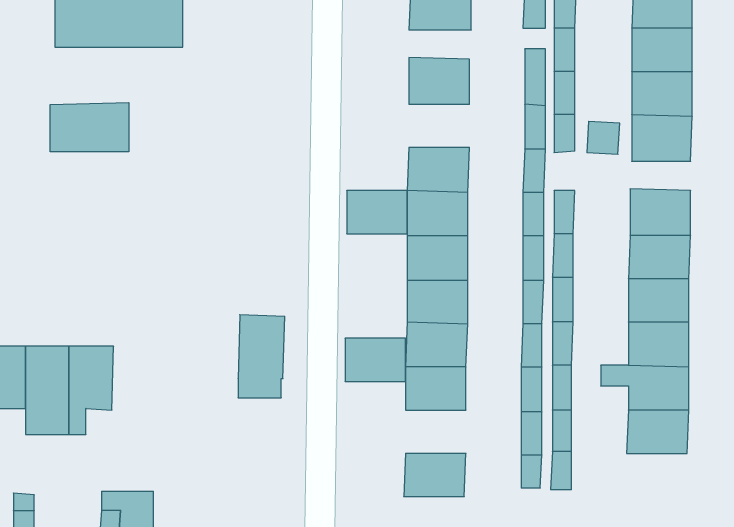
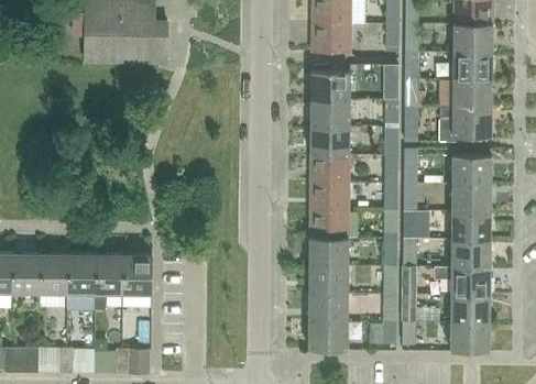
building: [50,103,129,152] -> none
building: [347,191,407,234] -> [311,100,350,128]
building: [238,315,285,398] -> [122,254,152,307]
building: [345,338,406,381] -> [309,295,348,322]
building: none -> [450,322,489,351]

